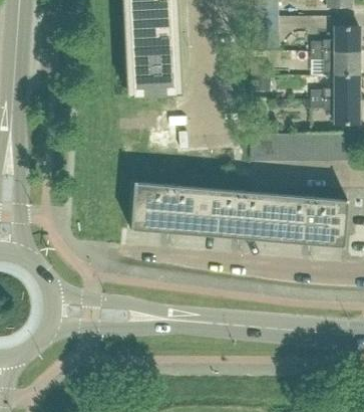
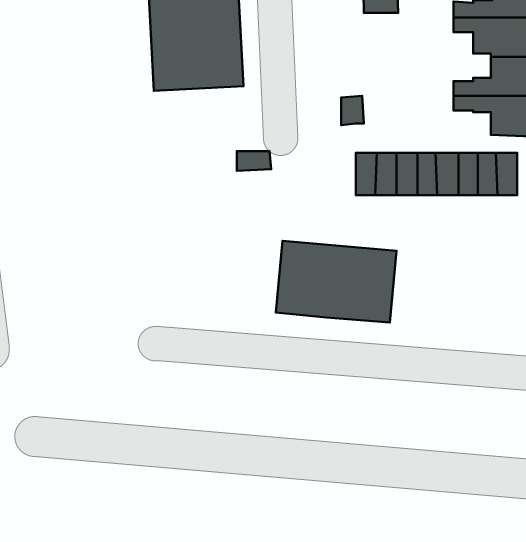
building: [130,181,206,233] -> none
building: [272,195,347,247] -> none

